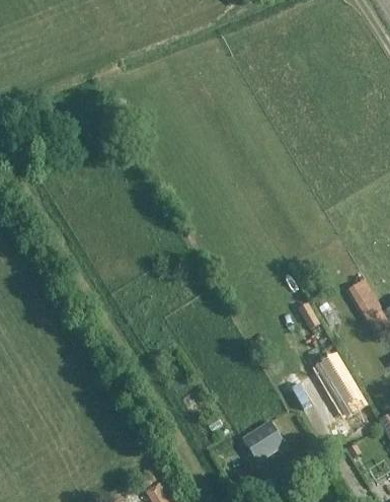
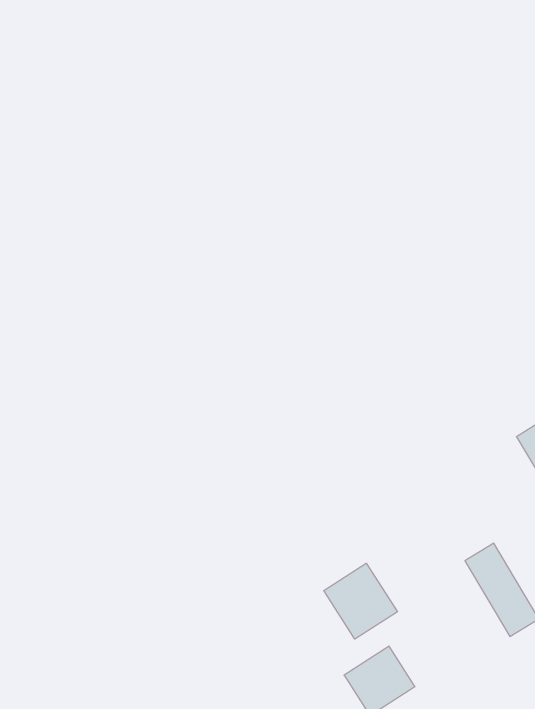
building: none -> [324,563,398,639]

